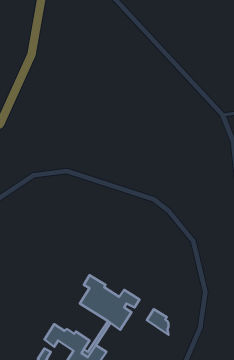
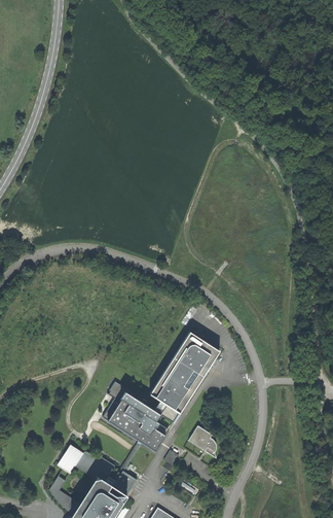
building: none -> [149,332,219,413]

